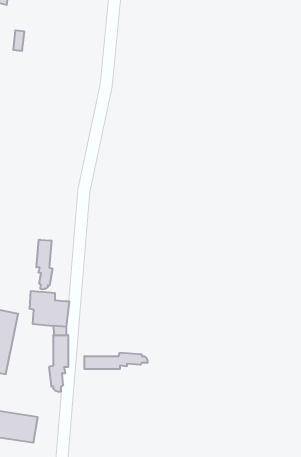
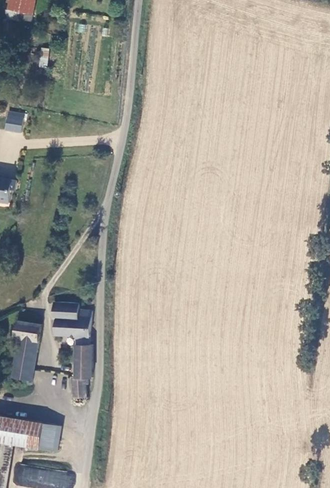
building: [36,240,53,289] -> none
building: [84,353,147,369] -> none

